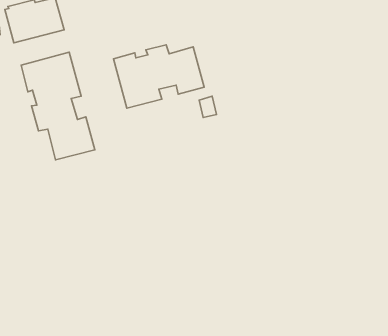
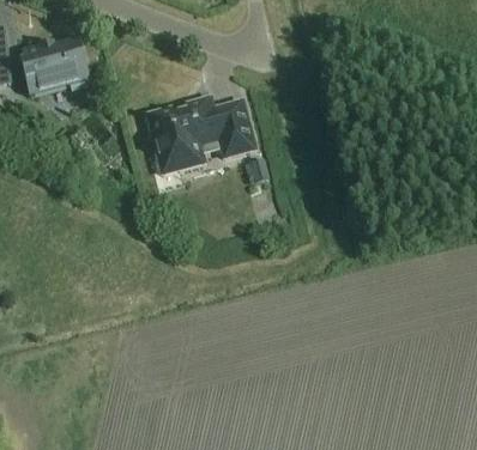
building: [21,52,95,160] -> none

